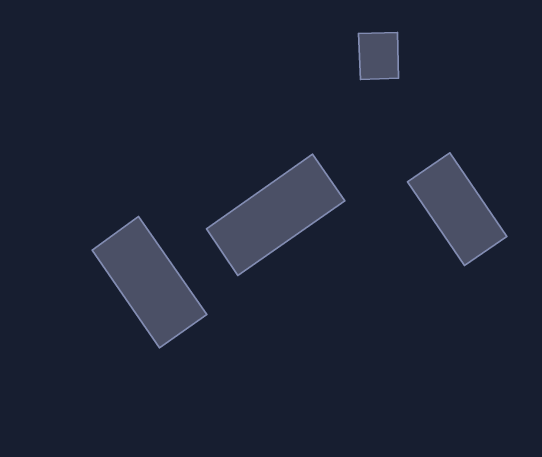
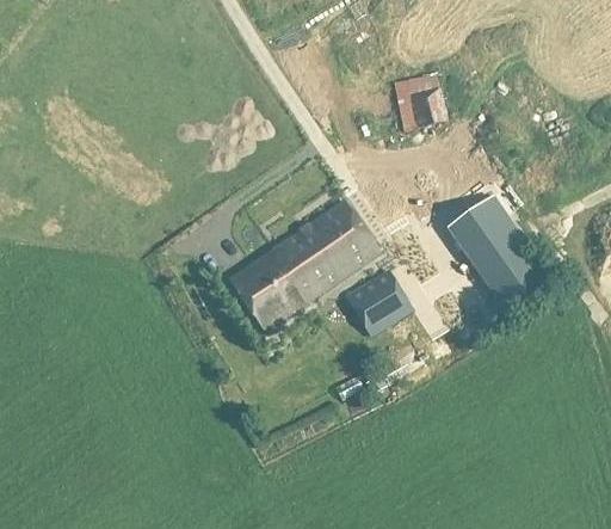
building: [92,217,207,348] -> none
building: none -> [350,269,416,334]

